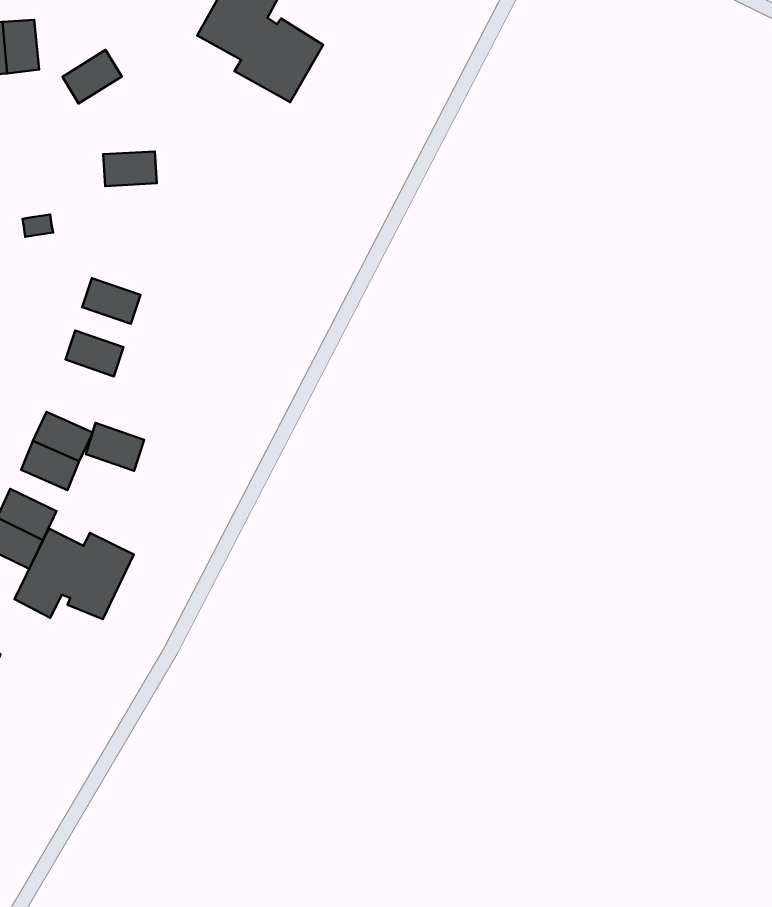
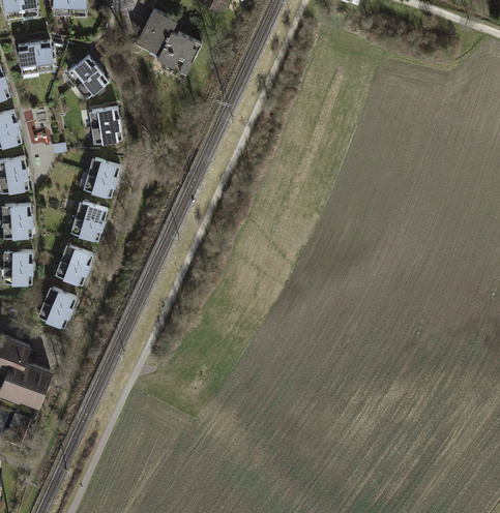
building: none -> [76,67,108,96]
building: none -> [92,122,121,142]
building: none -> [88,158,119,181]
building: [86,423,144,471] -> [72,217,102,241]
building: [15,529,134,619] -> none

